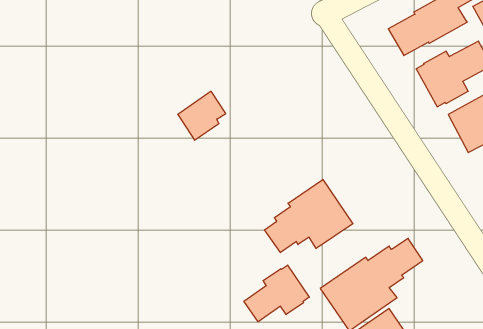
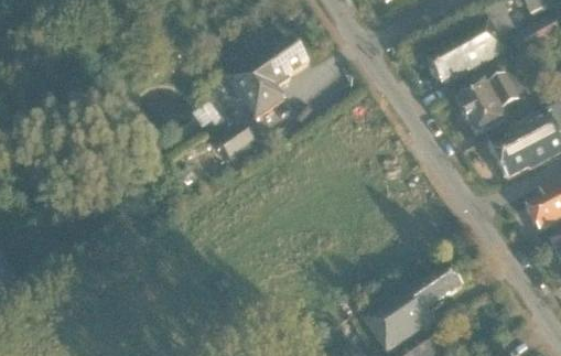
building: none -> [227,36,309,117]
building: [264,179,353,253] -> none
building: [244,265,309,322] -> none

